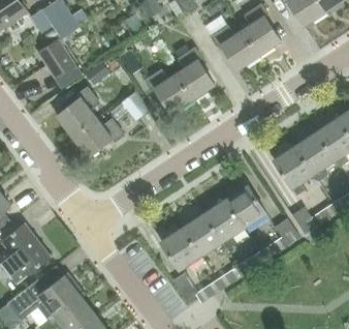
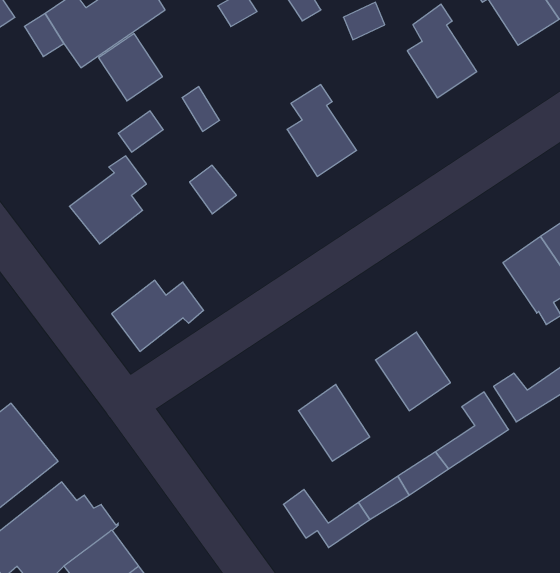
building: [212,27,259,70] -> none
building: [39,40,74,78] -> [99,34,162,101]
building: [146,70,193,114] -> none
building: [73,118,124,157] -> [112,280,204,351]
building: [274,147,314,196] -> none
building: [203,201,244,248] -> none
building: [161,229,201,270] -> none

